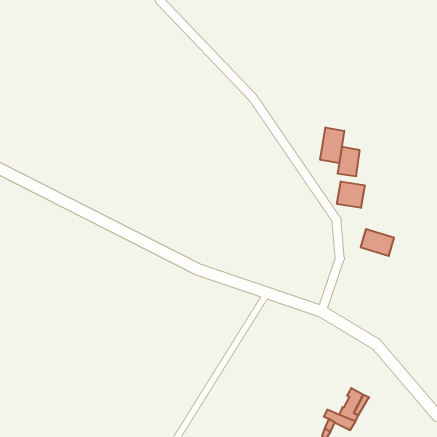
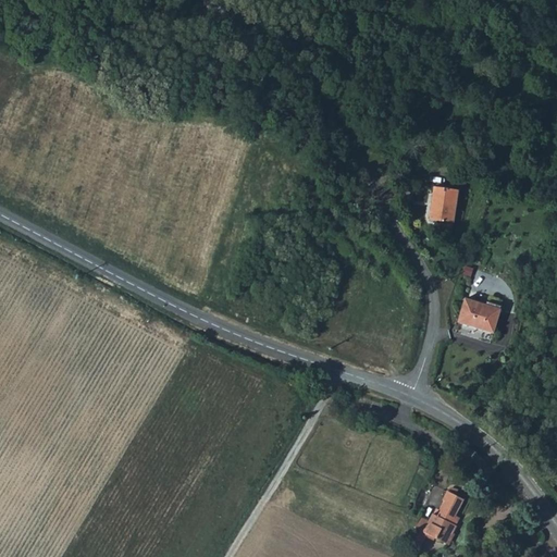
building: [320,127,344,163] -> none
building: [337,181,365,208] -> none

